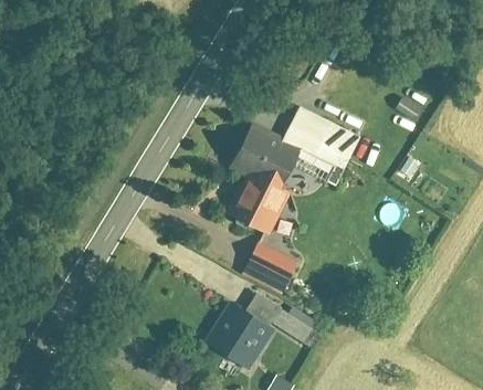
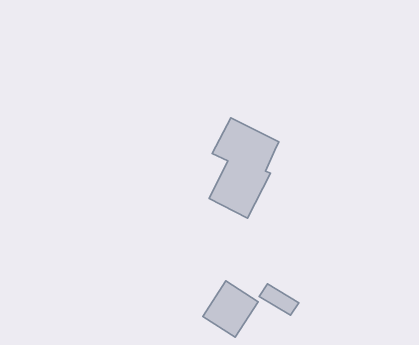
building: [282,105,363,182] -> none
building: [245,244,294,288] -> none

